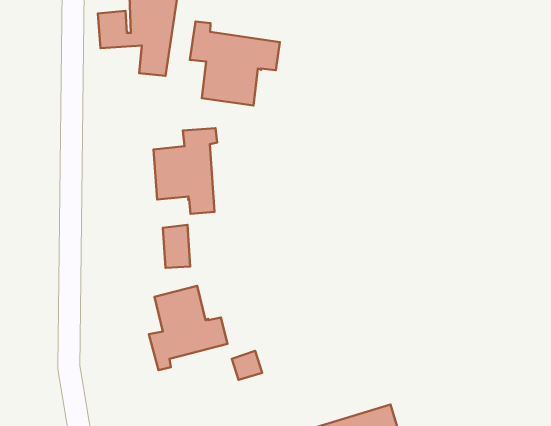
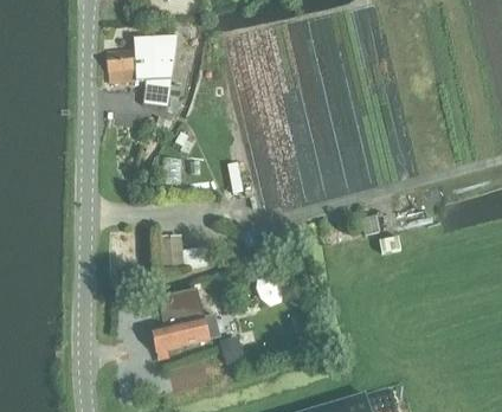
building: [190,22,280,105] -> none
building: [153,128,217,214] -> none

